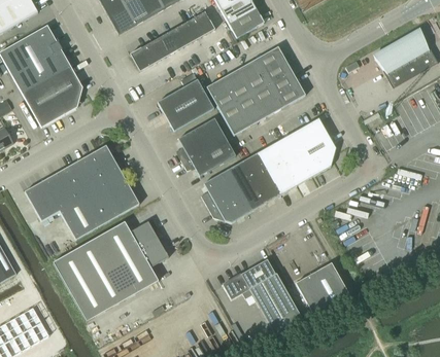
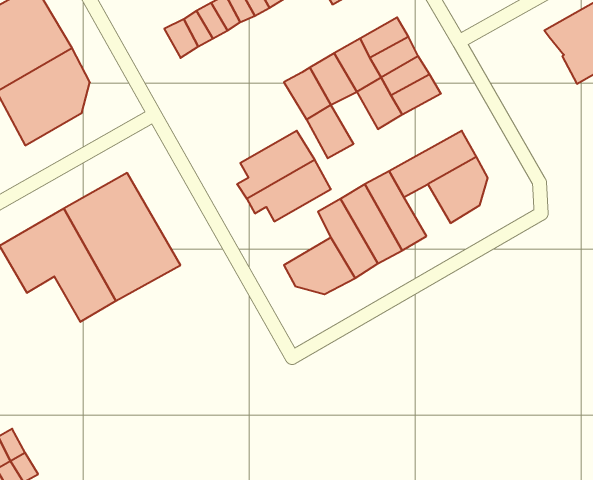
building: [157,72,213,131] -> none
building: [235,93,265,126] -> none
building: [281,151,311,184] -> none
building: [200,169,235,203] -> none
building: [53,220,168,320] -> none
building: [222,257,303,334] -> none
building: [295,261,350,316] -> none

